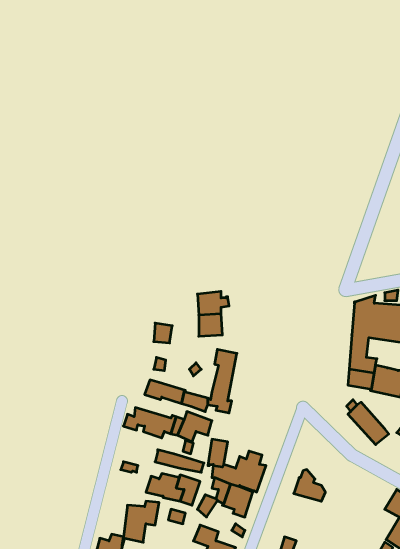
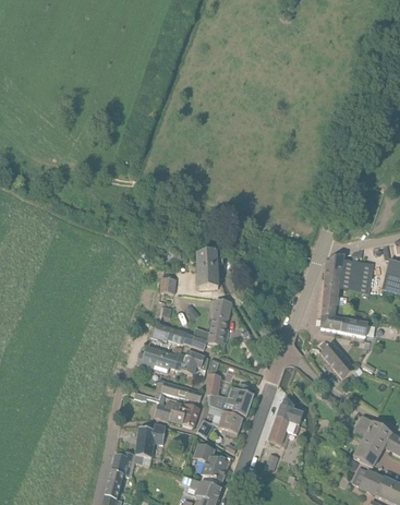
building: none -> [268,418,299,445]

